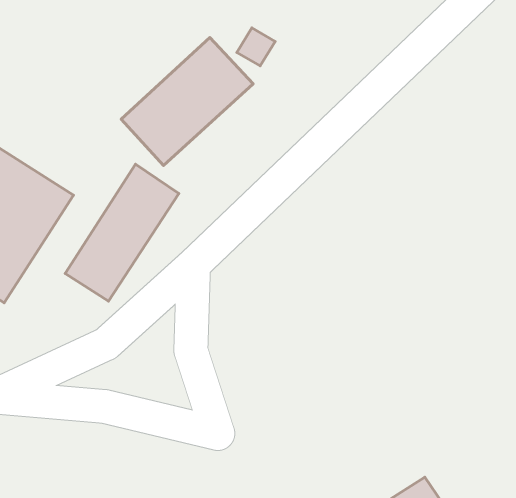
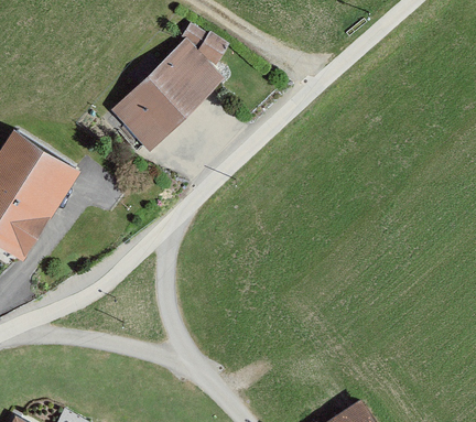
building: [65,164,179,301] -> none

